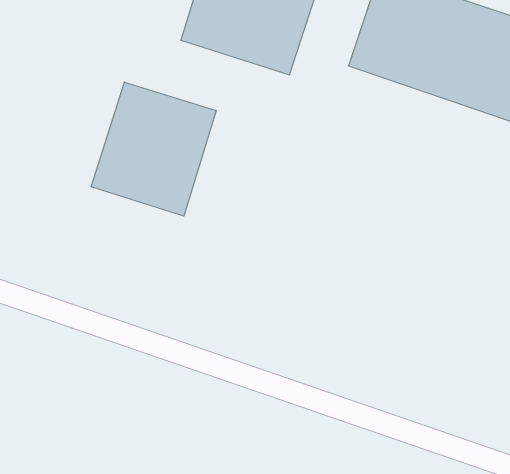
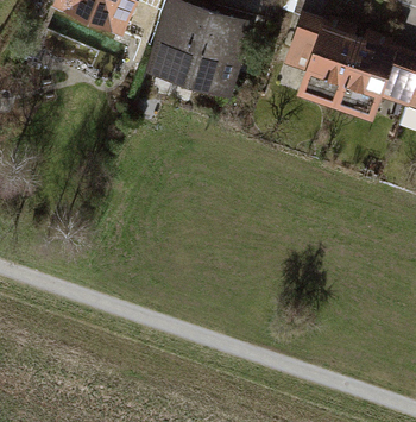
building: [91,82,216,216] -> none

